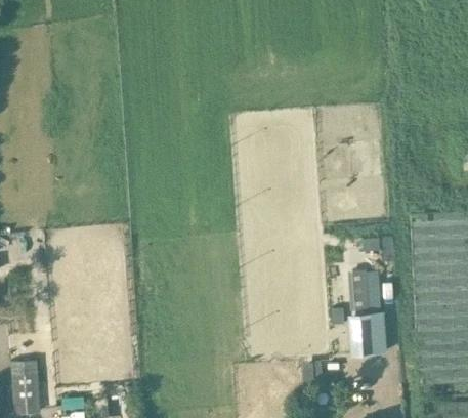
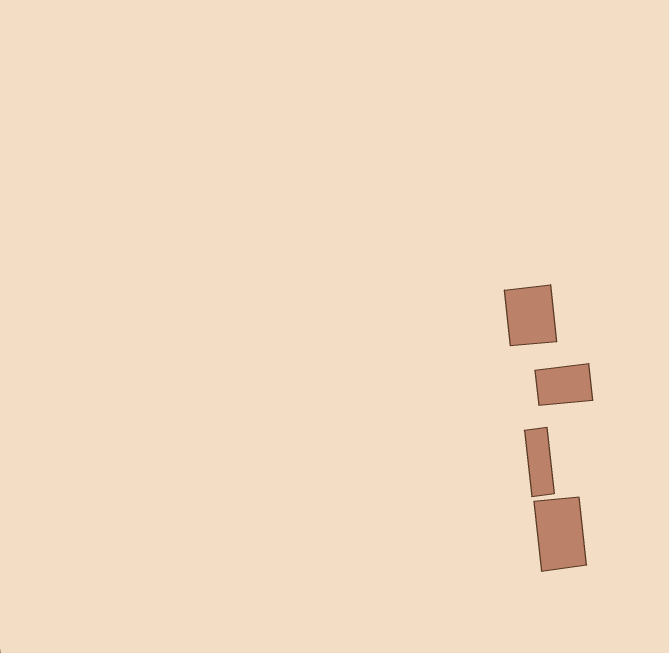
building: none -> [505,285,557,346]

